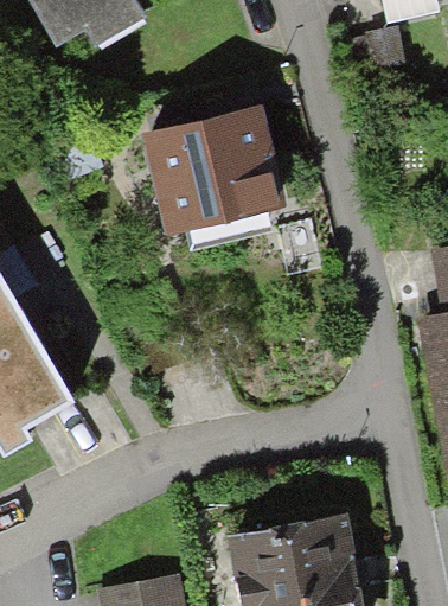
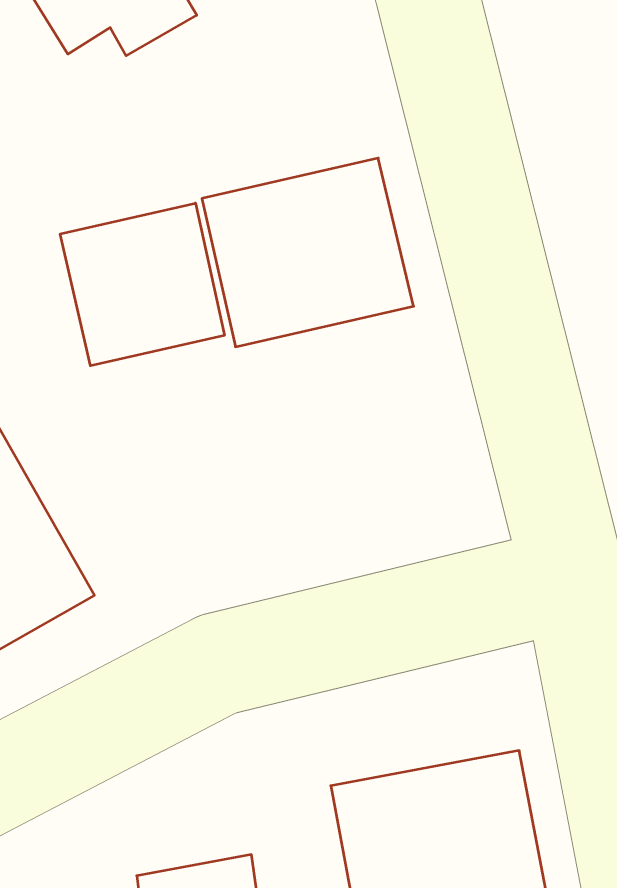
building: none -> [60,203,224,366]

